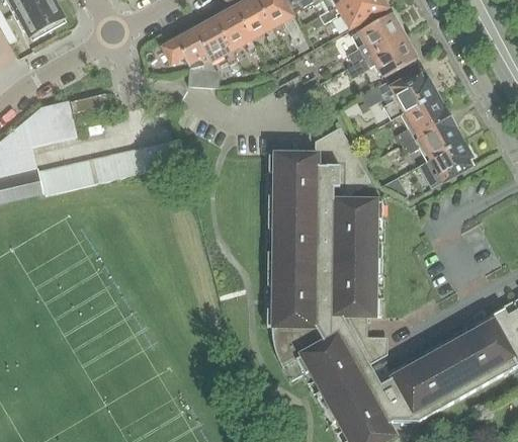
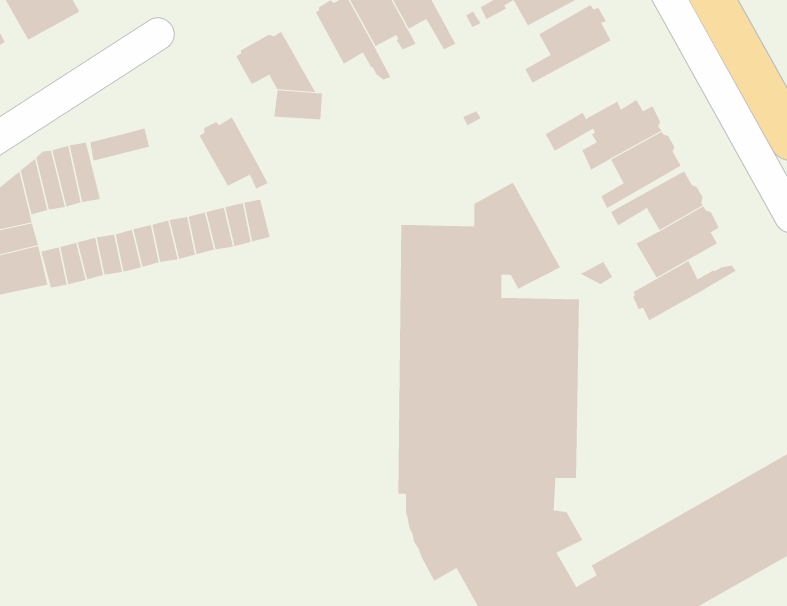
building: [193,18,238,65] -> [199,117,269,190]
building: [346,36,418,78] -> none
building: none -> [632,260,737,321]

